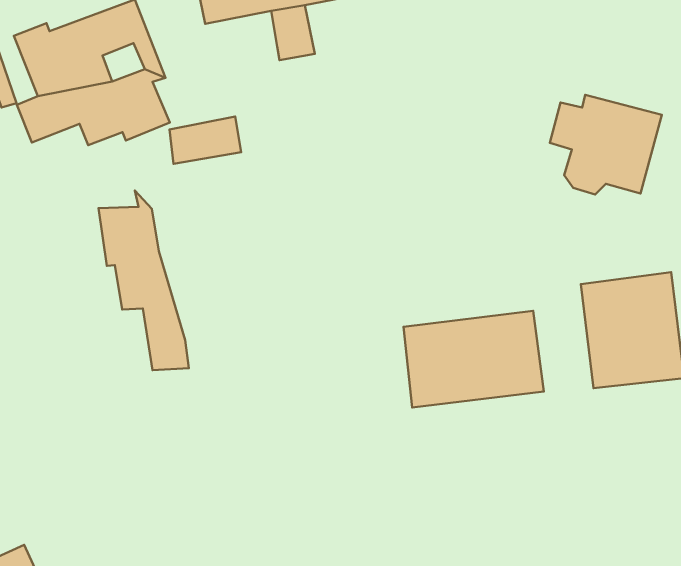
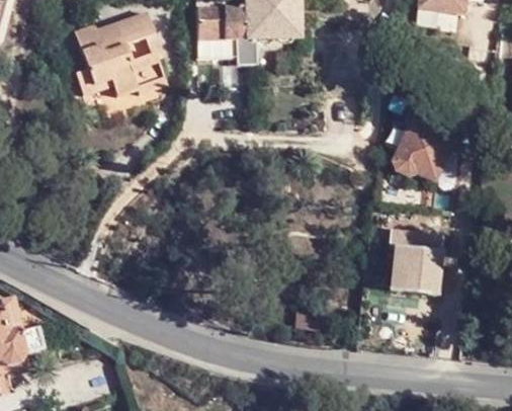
building: [169,117,241,164] -> [195,38,236,60]
building: [99,190,189,370] -> none
building: [404,311,544,408] -> none

